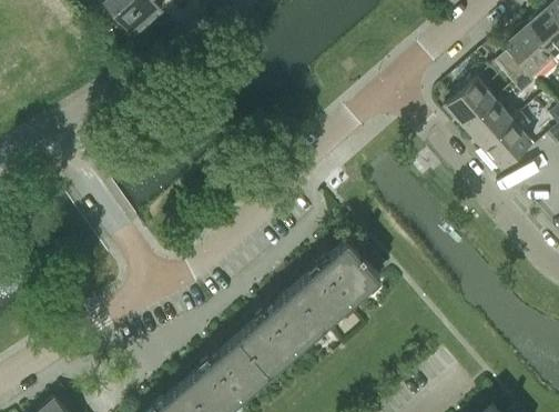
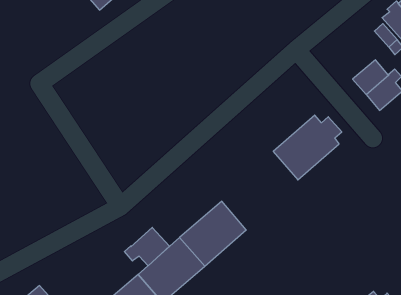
building: [445,79,496,127] -> none
building: [294,240,384,325] -> [273,115,342,180]
building: none -> [124,227,169,266]

